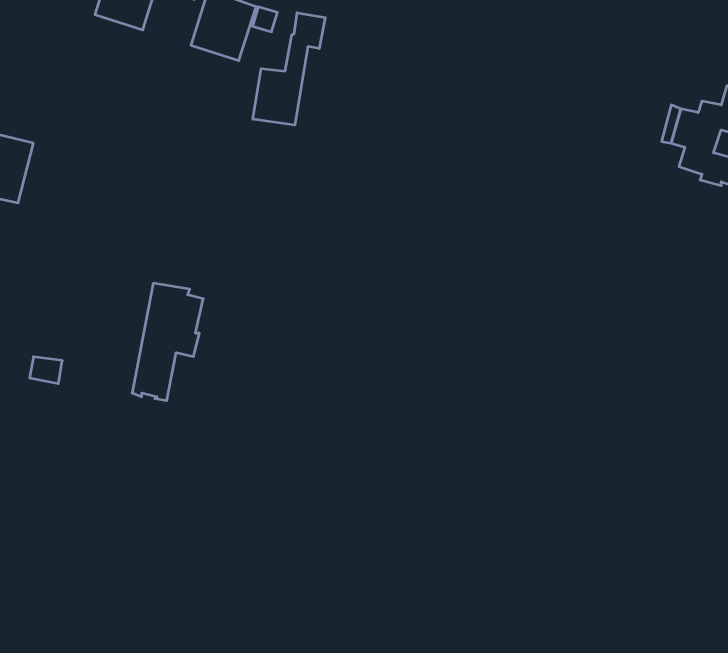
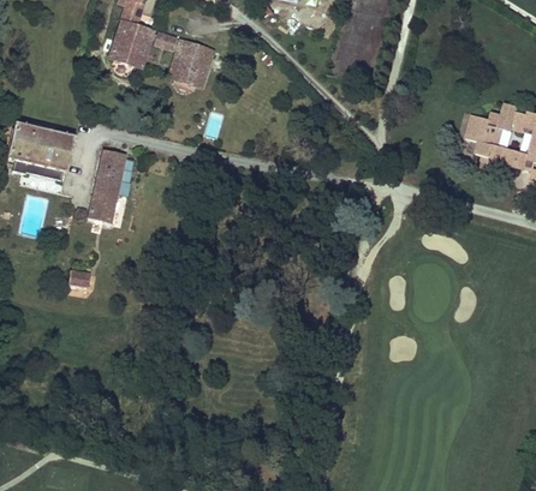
building: [253,13,325,125] -> none
building: [132,283,203,401] -> [90,150,135,223]

